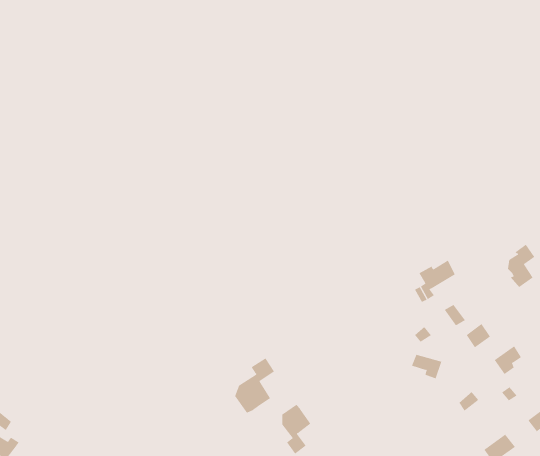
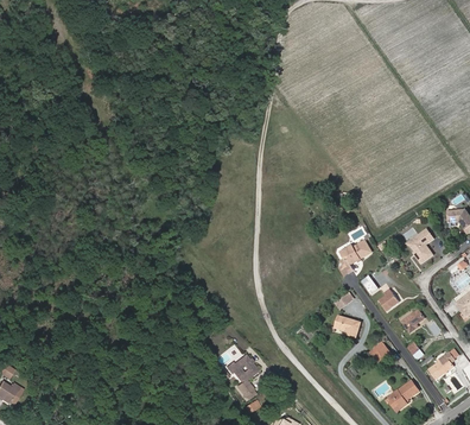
building: [235,357,275,414] -> none

